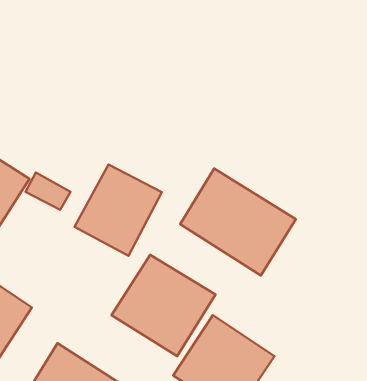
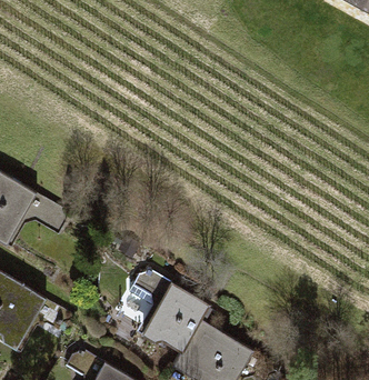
building: [74,165,162,256] -> none
building: [180,168,296,275] -> none

